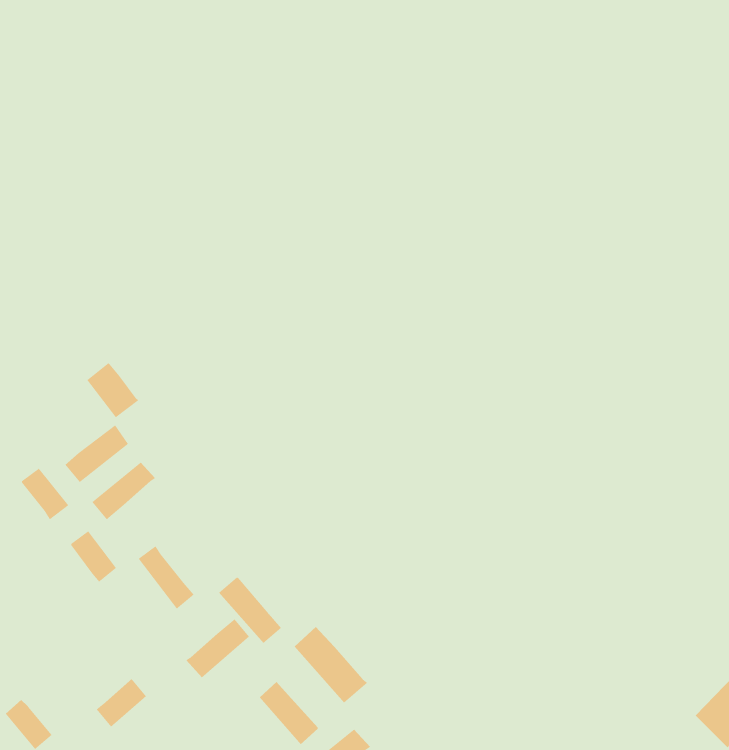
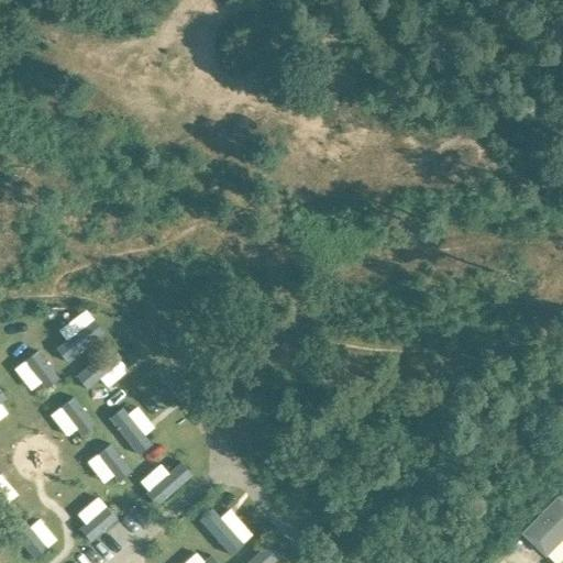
building: [86,362,139,418] -> none
building: [218,577,282,644] -> none
building: none -> [97,443,132,482]
building: [294,626,368,703] -> none

